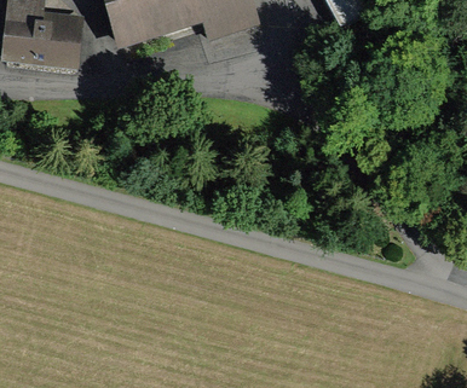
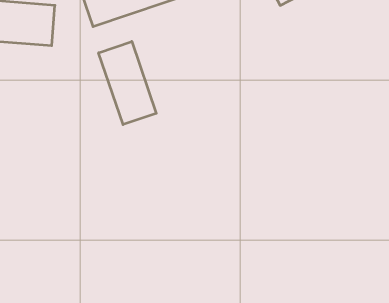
building: none -> [99,41,156,125]

